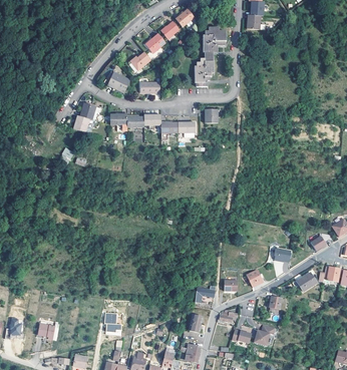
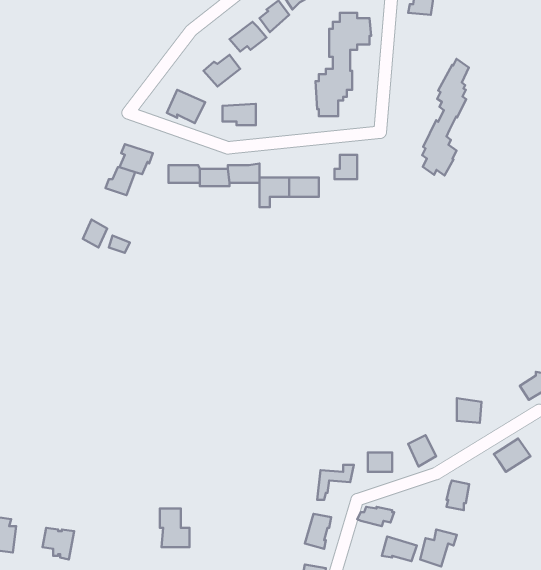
building: none -> [422,59,469,175]

